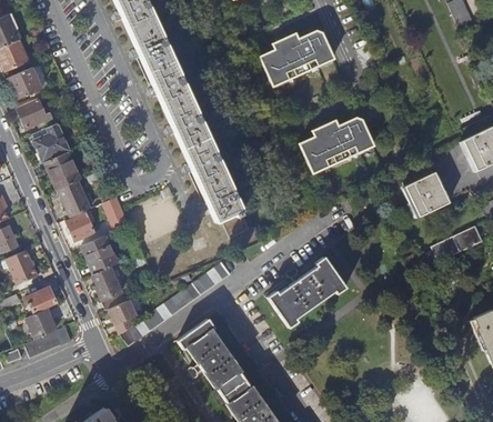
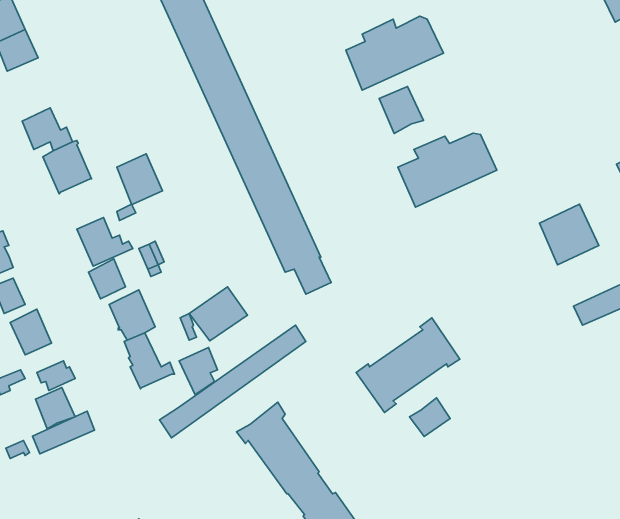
building: [8,67,43,100] -> none
building: none -> [379,87,423,134]
building: [47,151,81,189] -> [117,154,163,204]
building: none -> [189,287,247,341]
building: [108,298,137,333] -> [179,348,217,395]
building: none -> [410,398,450,436]

